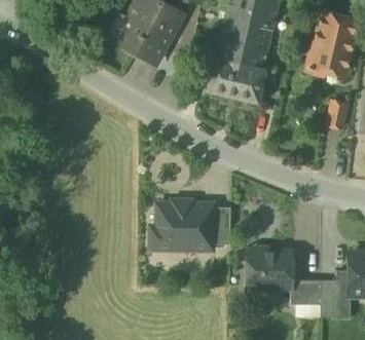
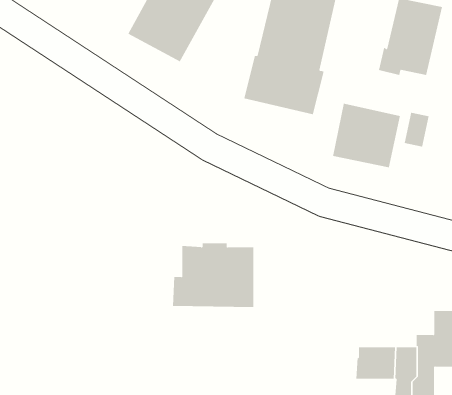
building: none -> [333,103,401,168]
building: [213,207,231,244] -> none
building: [247,248,292,289] -> none

